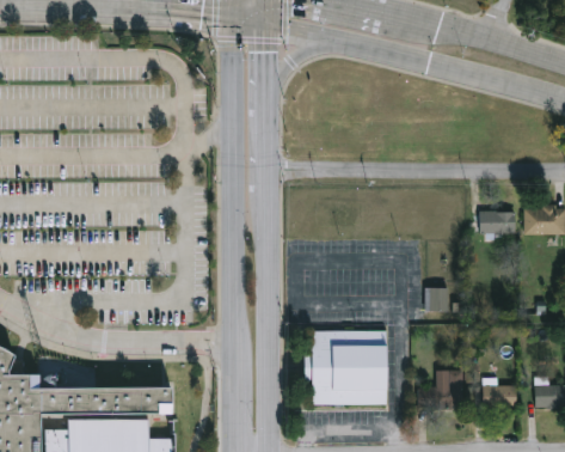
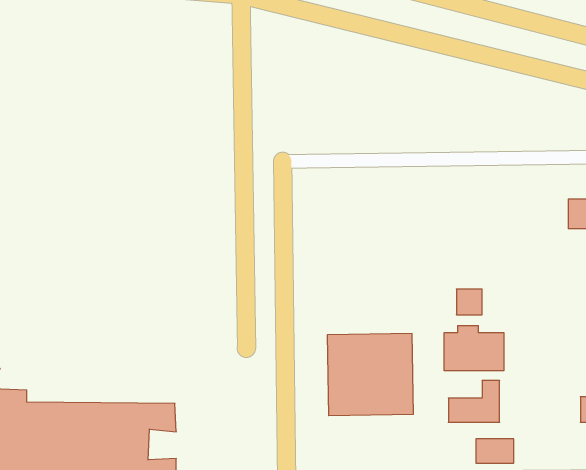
building: [479,209,515,232] -> none
building: none -> [444,326,504,371]
building: [483,385,516,407] -> [476,439,514,463]

